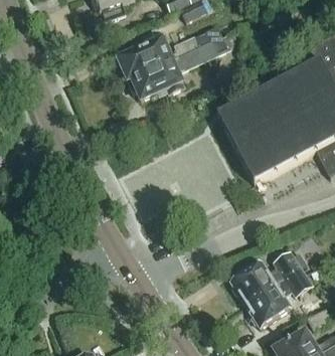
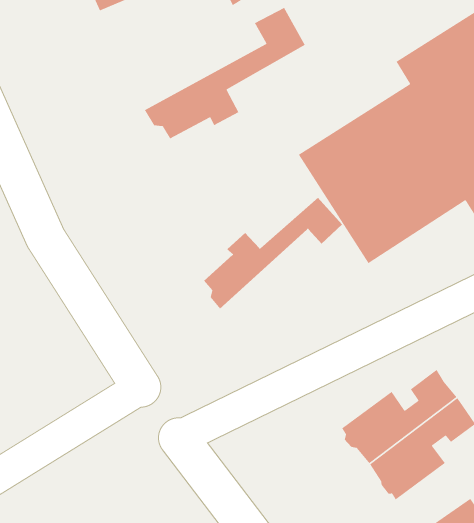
building: [117,30,202,78] -> none
building: none -> [203,197,343,310]

